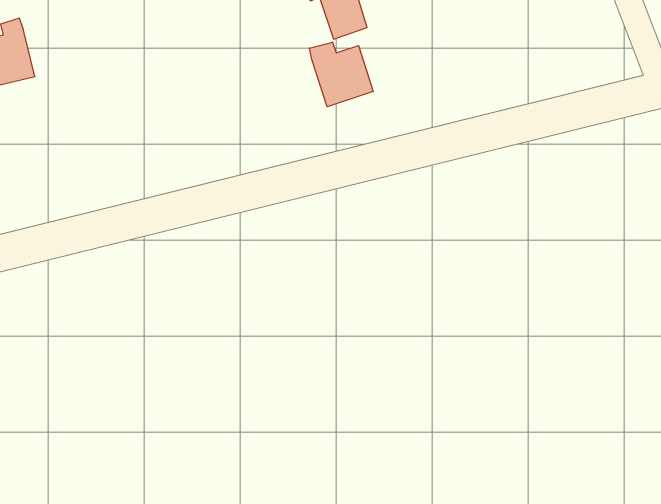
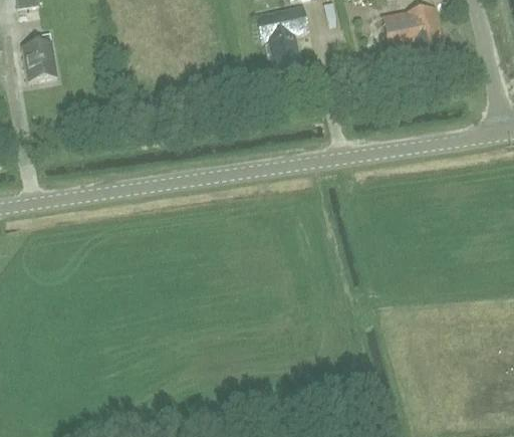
building: [310,42,373,107] -> none

